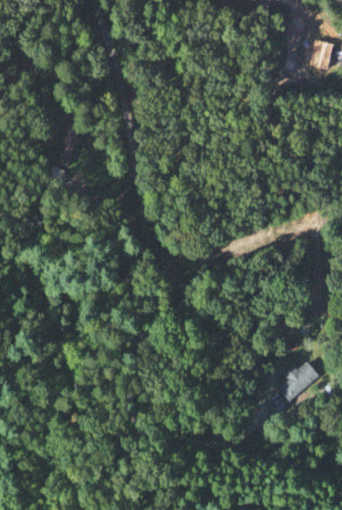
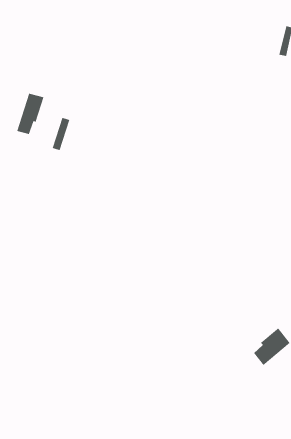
building: none -> [16,93,44,135]

